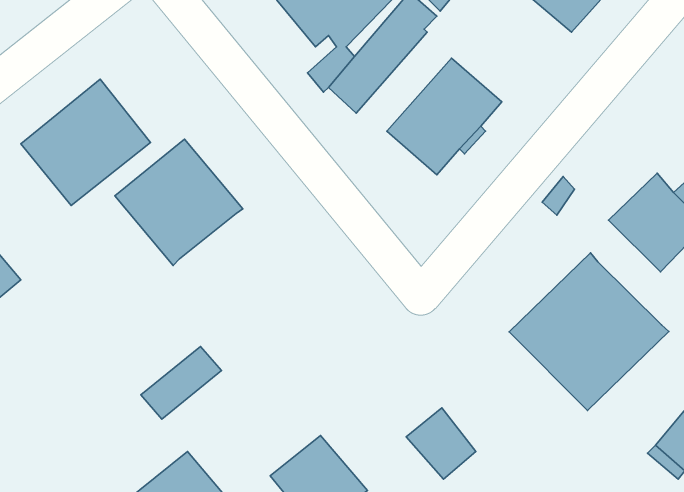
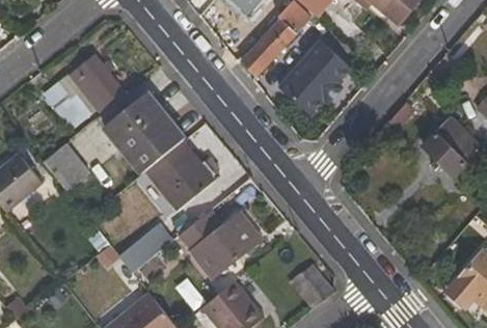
building: none -> [145,140,216,210]
building: none -> [45,143,90,190]
building: [509,253,669,410] -> none
building: none -> [179,211,263,279]

